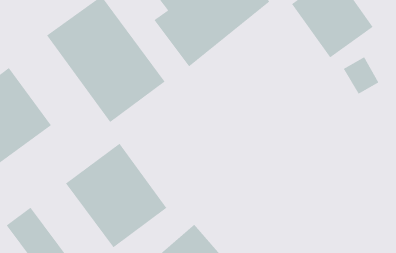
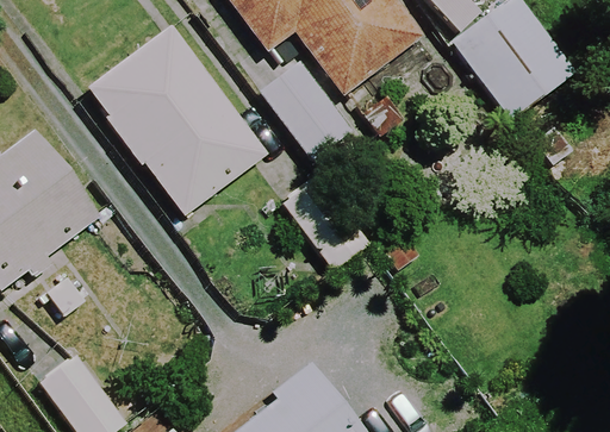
building: [65,143,167,248] -> none

